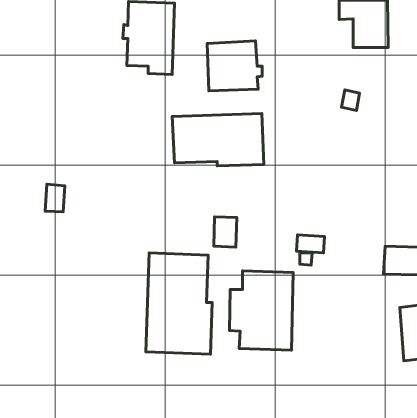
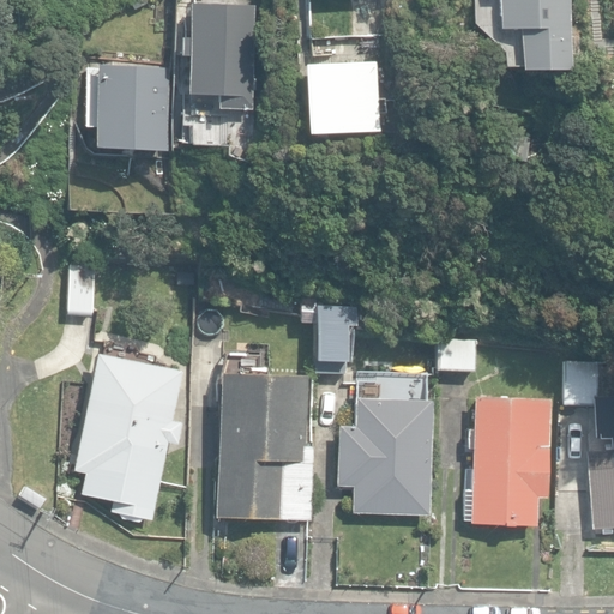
building: none -> [96,65,173,152]
building: [172,113,264,166] -> none
building: none -> [73,365,185,520]
building: none -> [464,395,553,526]

